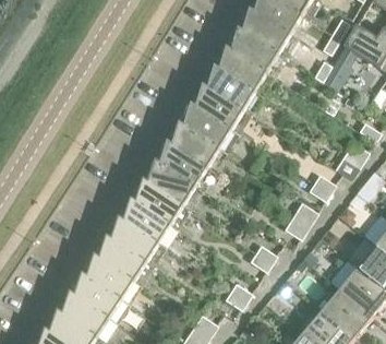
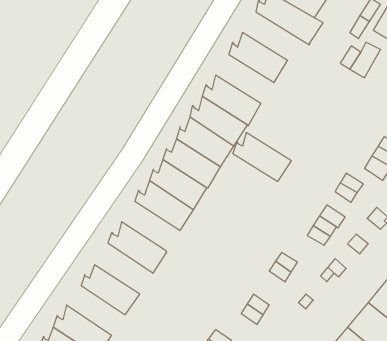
building: [226,31,278,74] -> none
building: [202,69,254,112] -> [233,133,291,181]
building: [118,200,170,245] -> none
building: [94,237,146,283] -> none
building: [69,275,121,320] -> none

